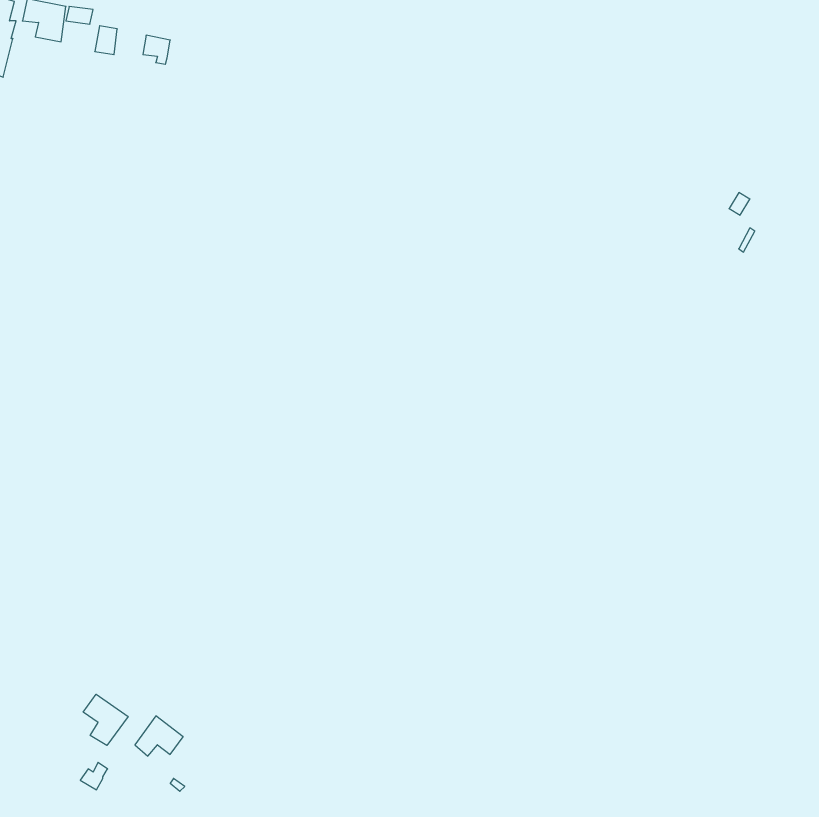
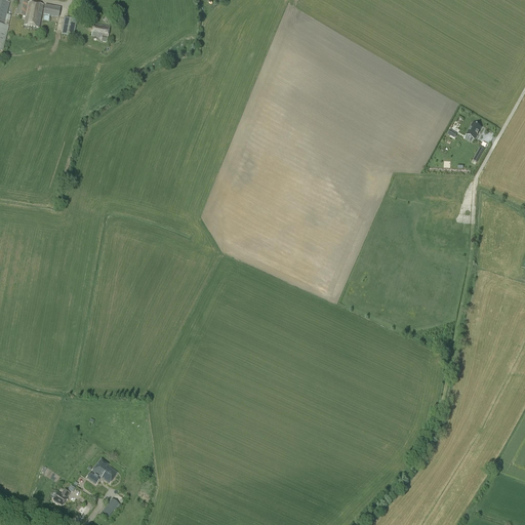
building: [83,694,128,745] -> none

